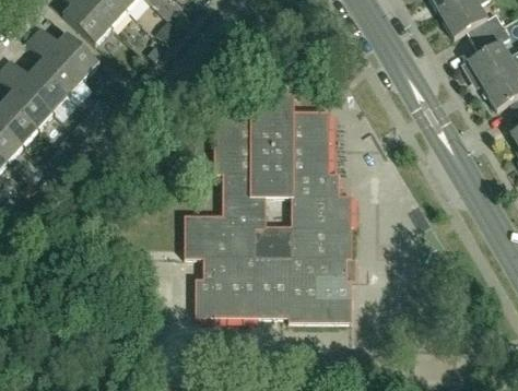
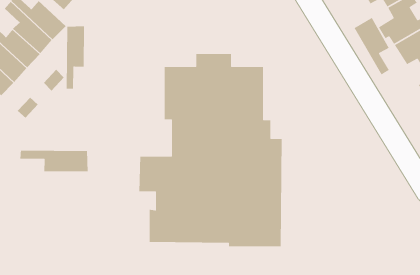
building: none -> [353,17,390,76]
building: none -> [66,25,85,90]
building: none -> [20,150,89,172]

